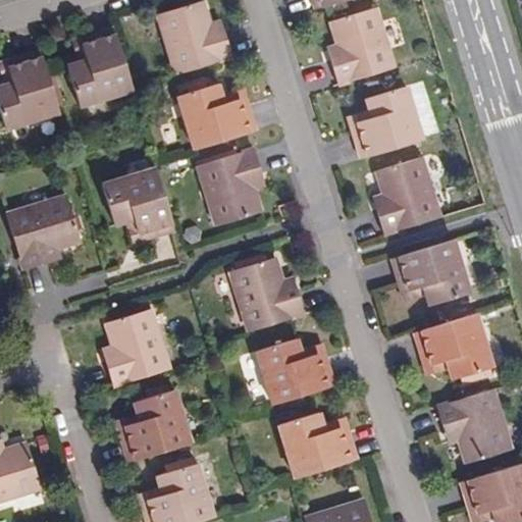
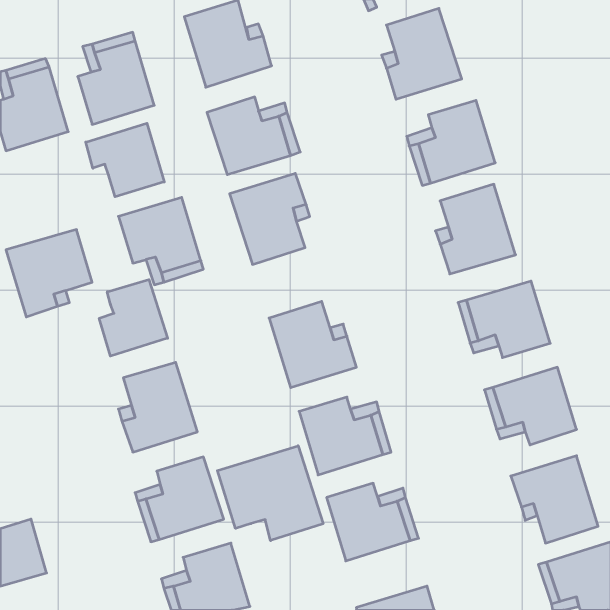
building: none -> [86,123,164,197]
building: none -> [99,280,168,356]
building: none -> [217,446,323,541]

